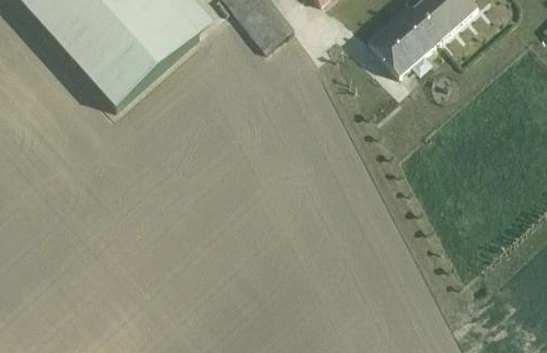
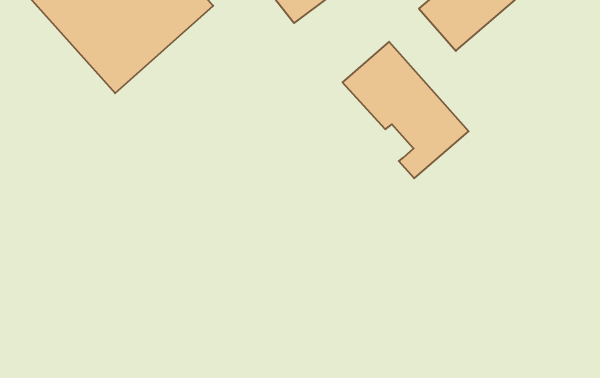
building: none -> [343,42,469,178]

